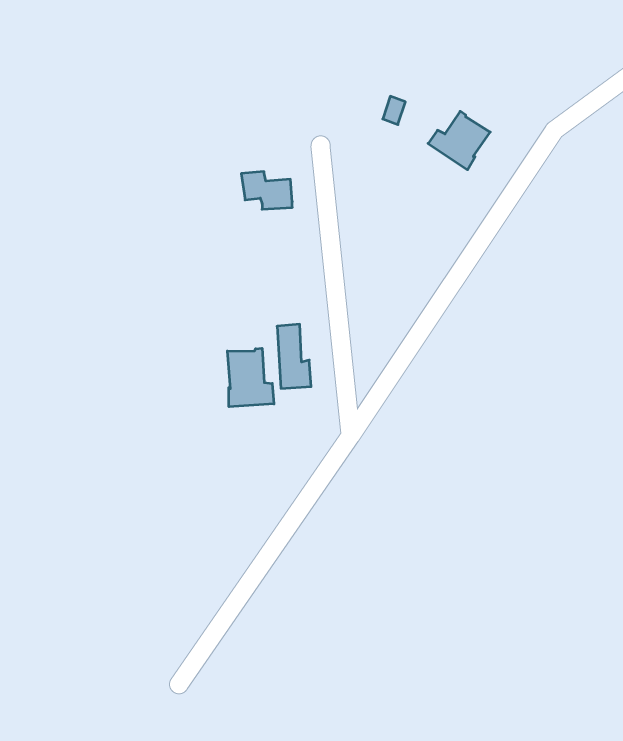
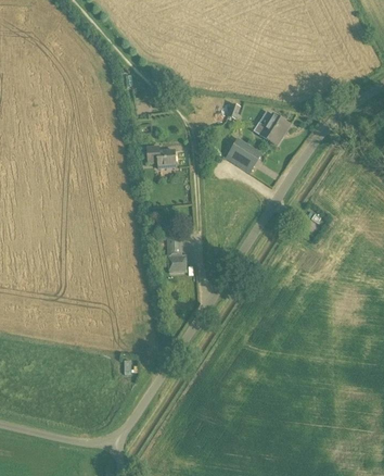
building: none -> [223,137,261,173]
building: [227,348,274,407] -> none

